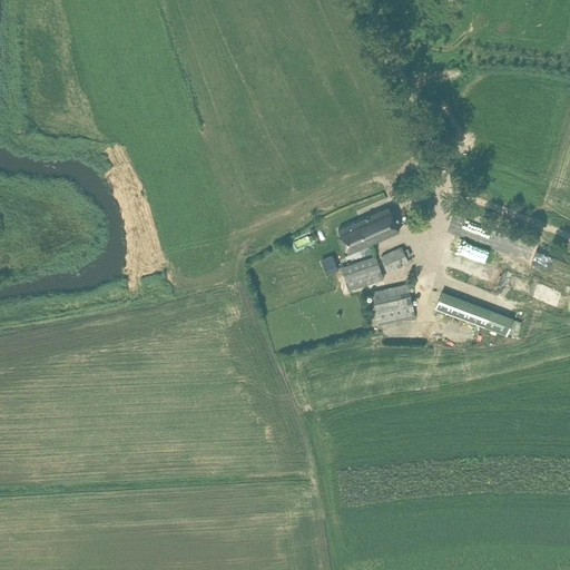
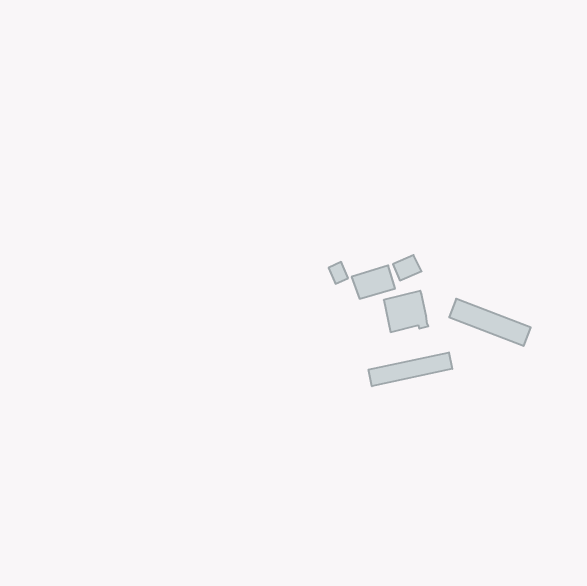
building: [338,208,400,255] -> none
building: none -> [369,352,452,386]

